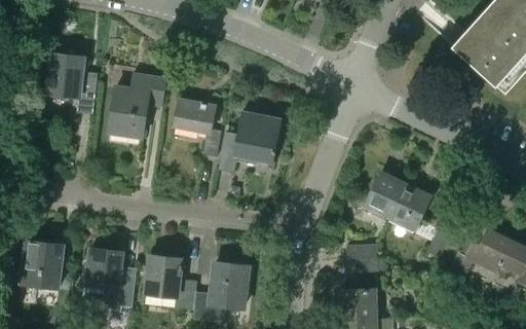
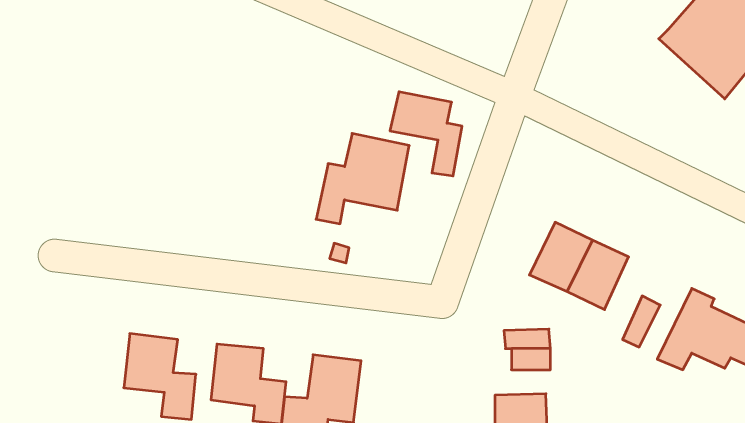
building: [47,52,97,114] -> none
building: [109,73,166,139] -> none
building: [174,99,223,156] -> [390,92,462,176]
building: [22,241,64,289] -> none

